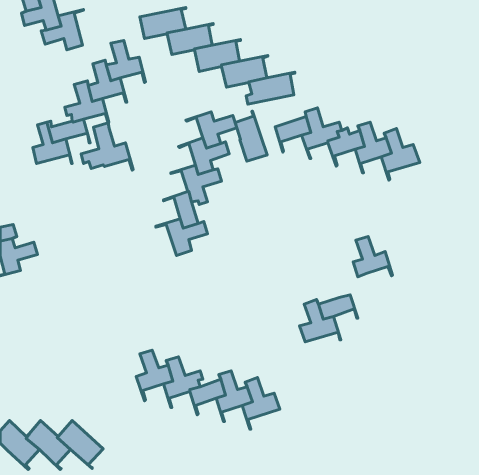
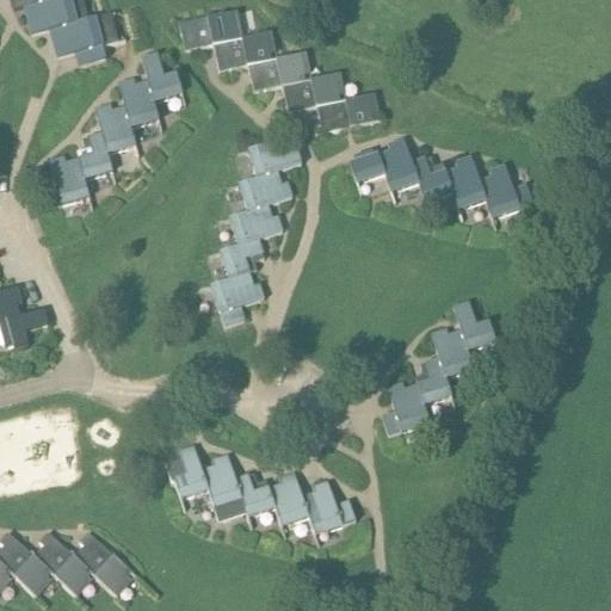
building: [235,111,267,161] -> none
building: [81,123,133,170] -> none
building: none -> [420,327,479,378]

